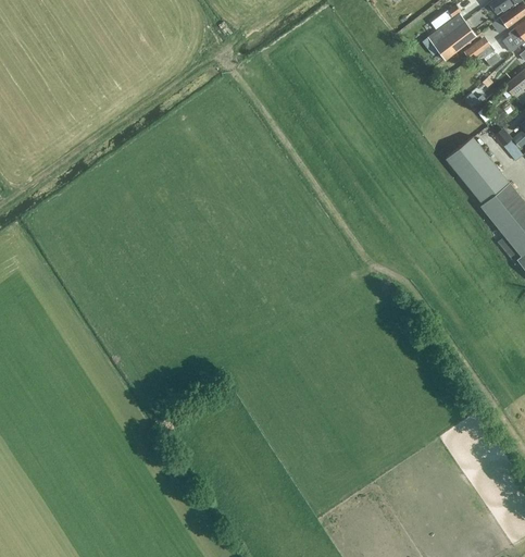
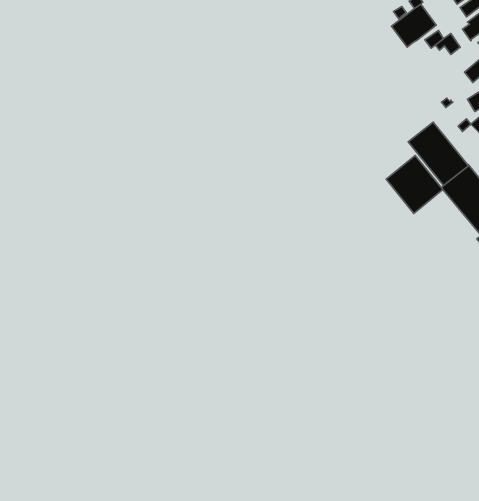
building: none -> [386,155,443,213]

